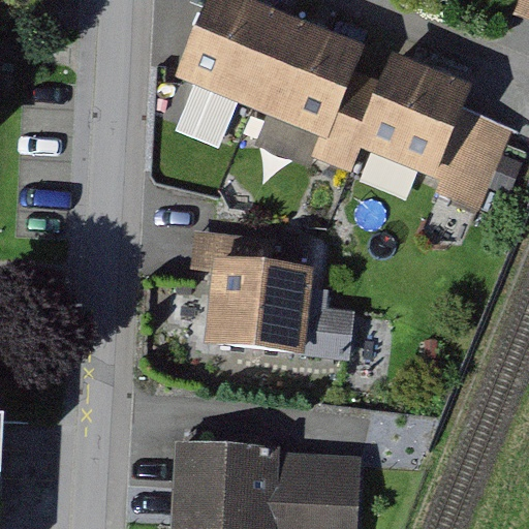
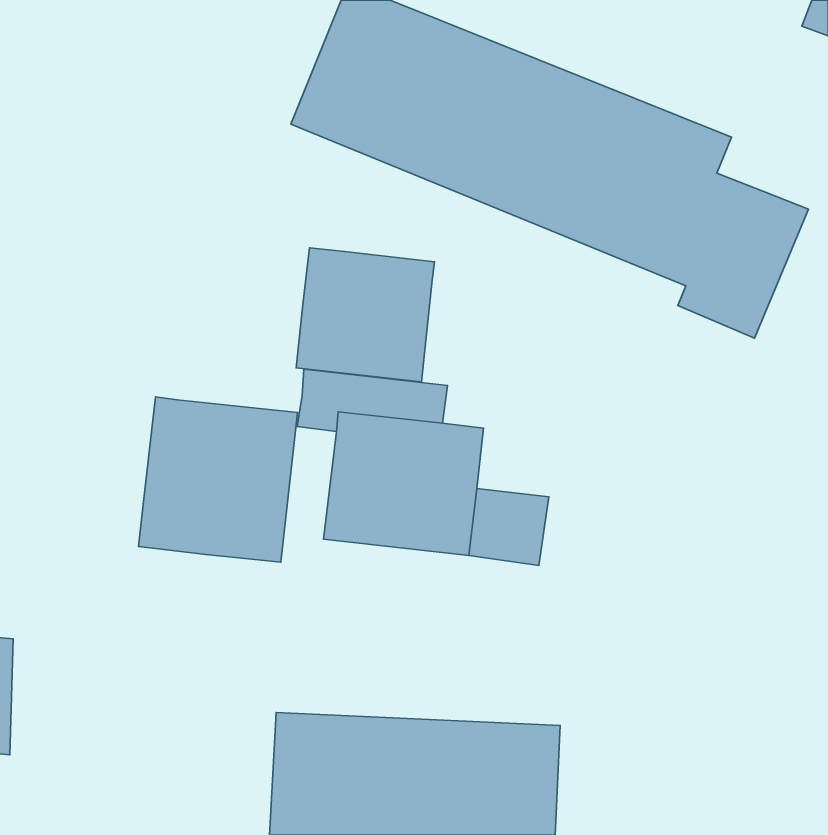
building: none -> [296,248,435,382]
building: none -> [139,397,298,562]

